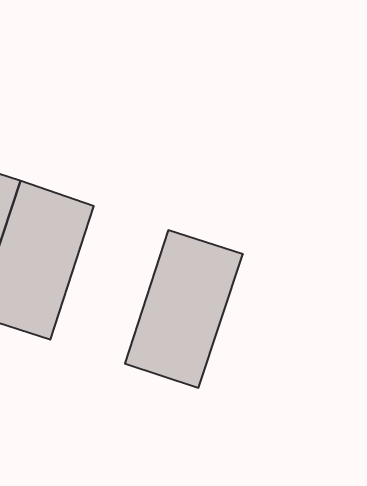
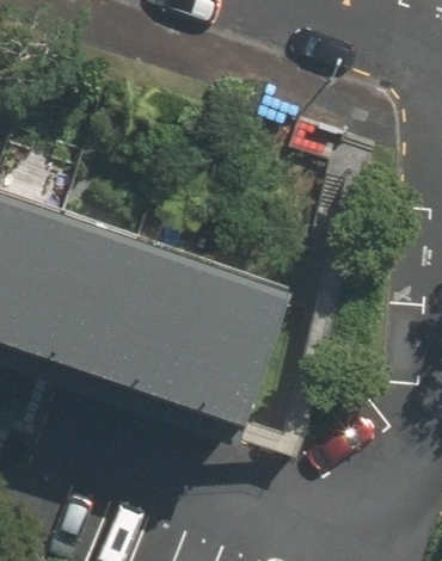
building: none -> [93,242,210,399]

